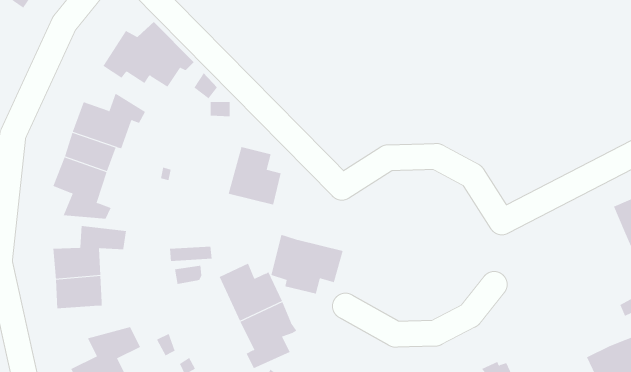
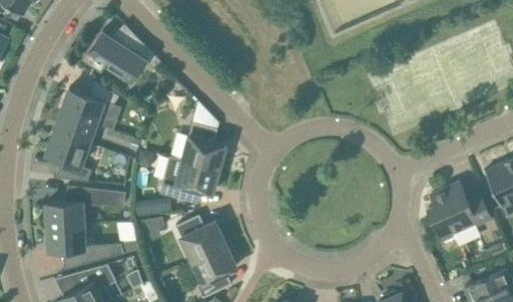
building: none -> [428,183,490,241]
building: [271,234,343,294] -> [161,157,218,204]
building: none -> [78,244,123,266]

